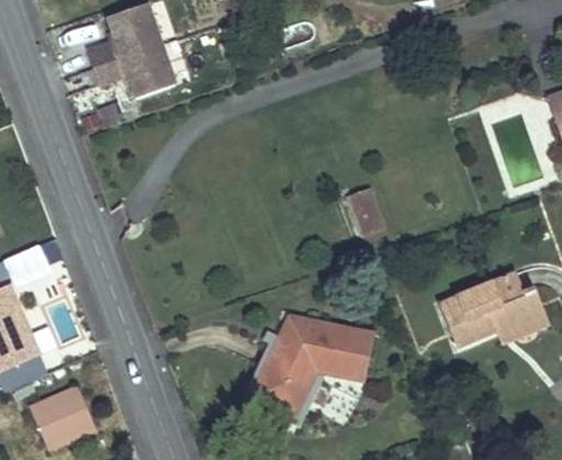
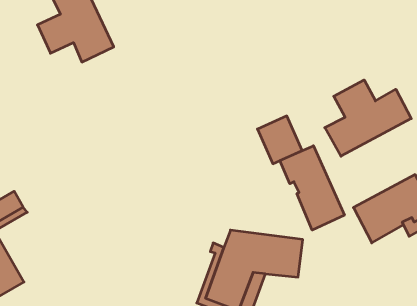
building: none -> [325,80,411,156]
building: none -> [280,146,344,230]

